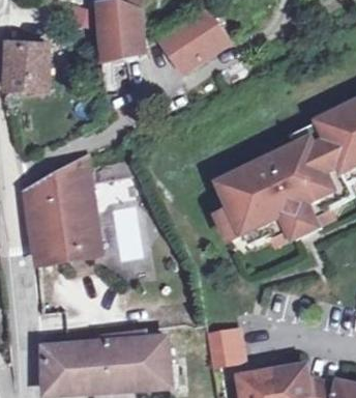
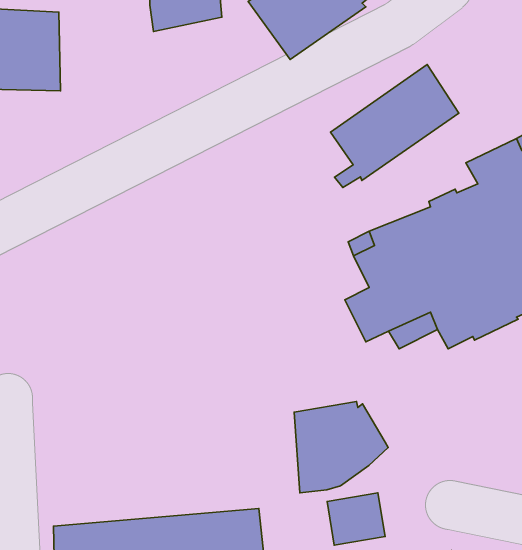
building: none -> [330,65,459,187]
building: [24,158,97,260] -> none
building: none -> [294,401,388,493]

